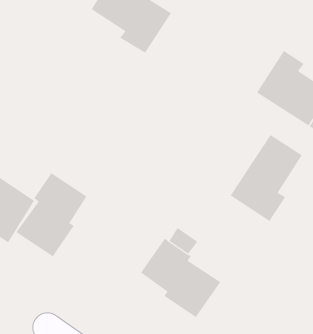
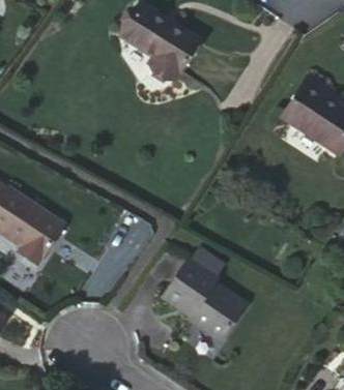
building: [230,134,302,222] -> none
building: [16,172,87,257] -> none

